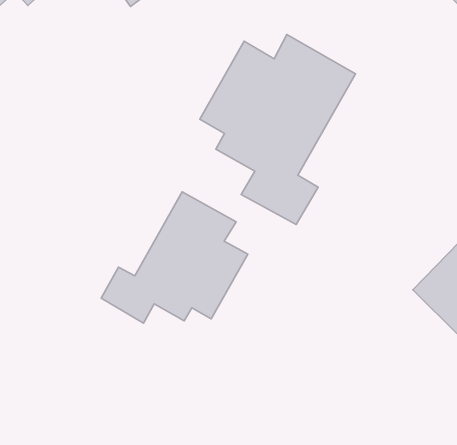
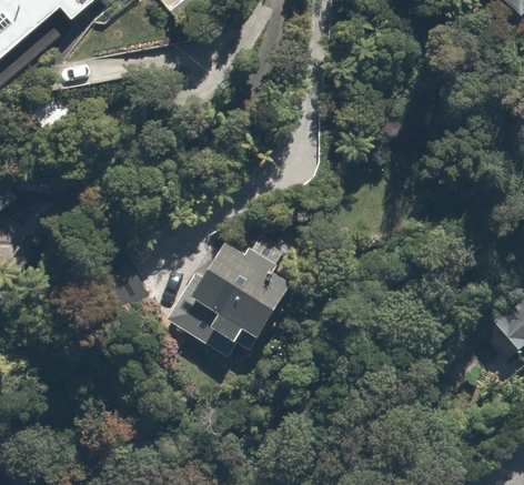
building: [200,34,356,224] -> none

